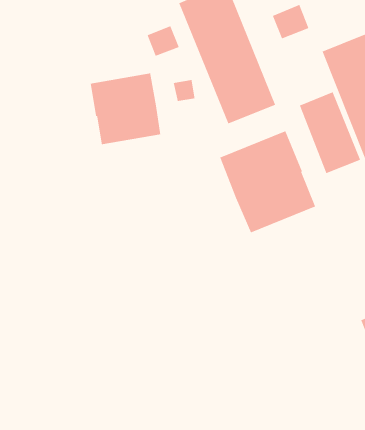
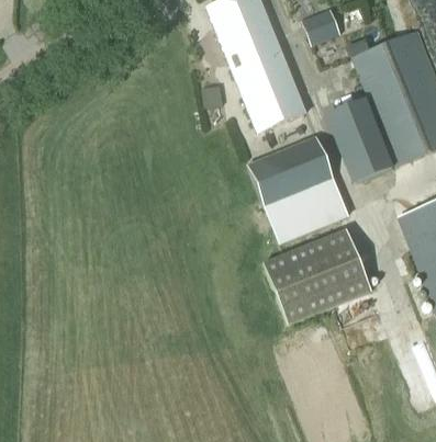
building: [147,25,180,57] -> none
building: [90,73,161,145] -> none
building: none -> [262,227,373,325]

